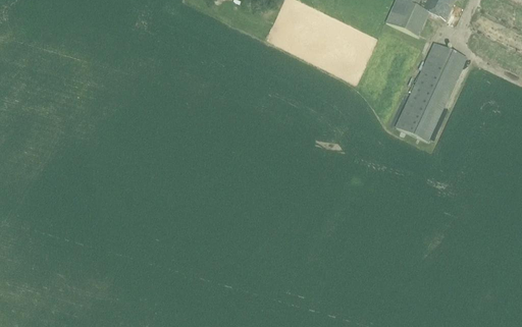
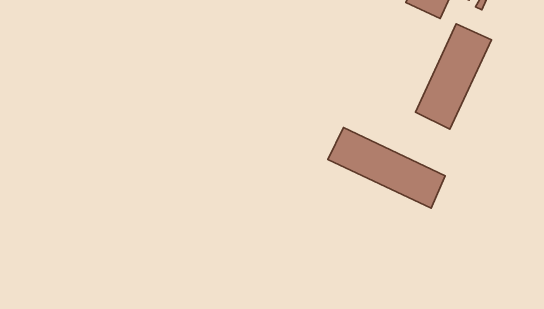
building: none -> [328,127,445,208]

